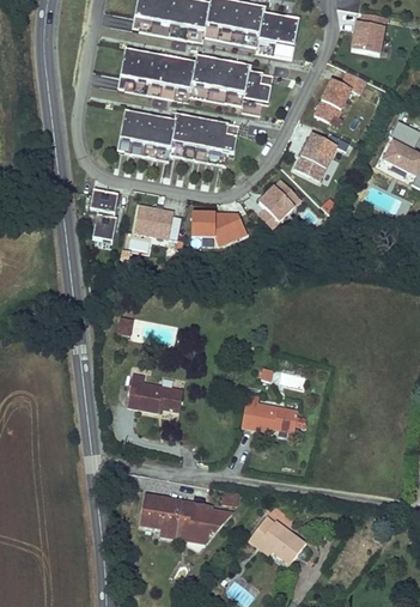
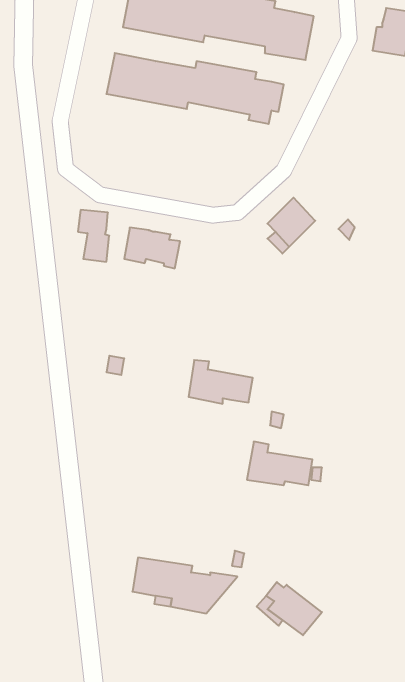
building: [314,69,366,126] -> none
building: [117,110,238,164] -> none
building: [290,128,331,175] -> none
building: [190,210,246,244] -> none
building: [127,374,183,412] -> [189,360,253,404]

